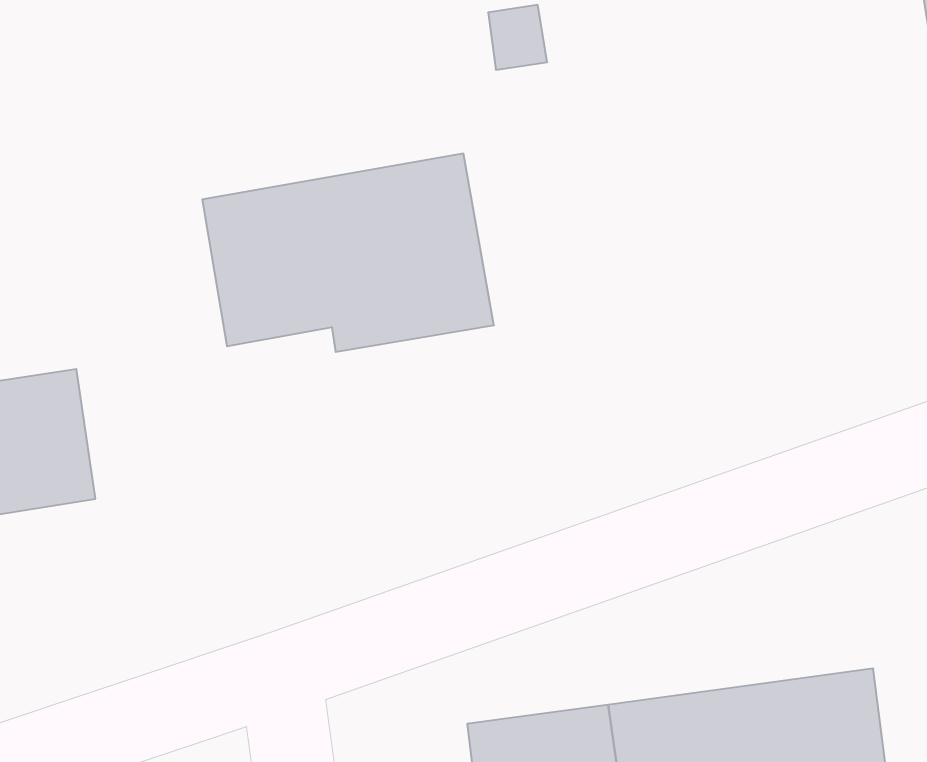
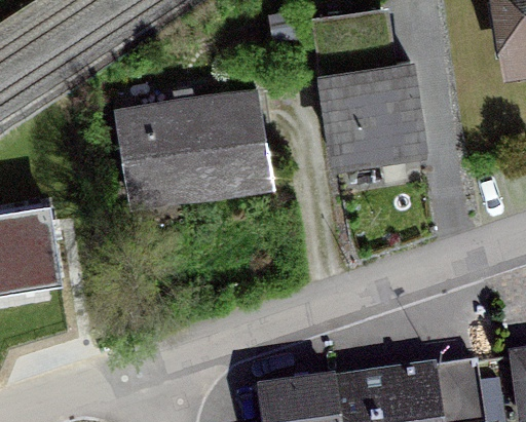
building: none -> [320,43,423,166]

